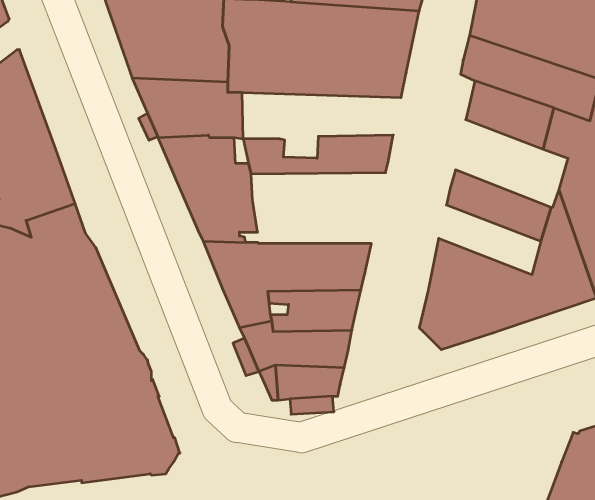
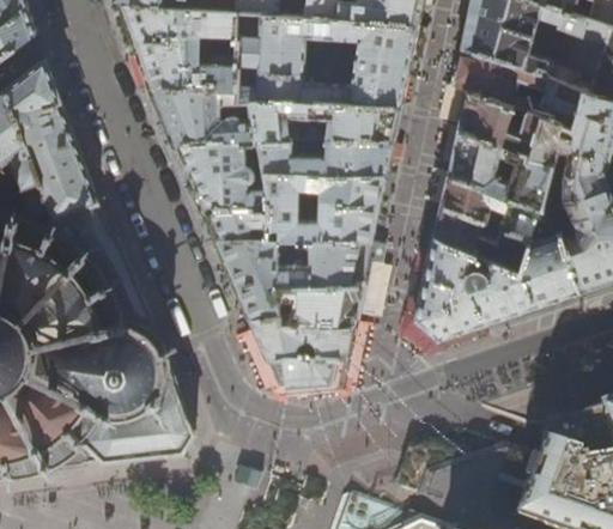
building: none -> [249,101,396,144]
building: none -> [447,126,551,207]
building: none -> [257,175,382,241]
building: none -> [431,205,526,269]

